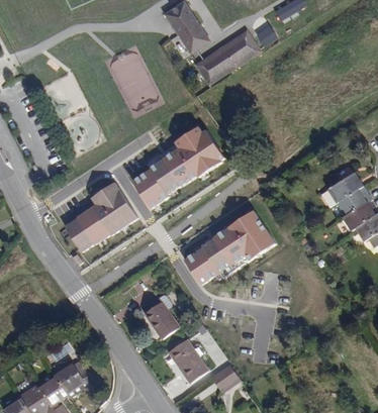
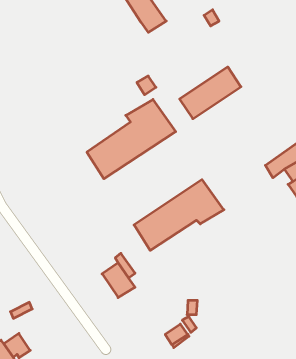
building: [196,30,262,86] -> [180,67,241,119]
building: [61,183,136,253] -> none
building: [168,338,207,382] -> none
building: [55,364,94,397] -> none

